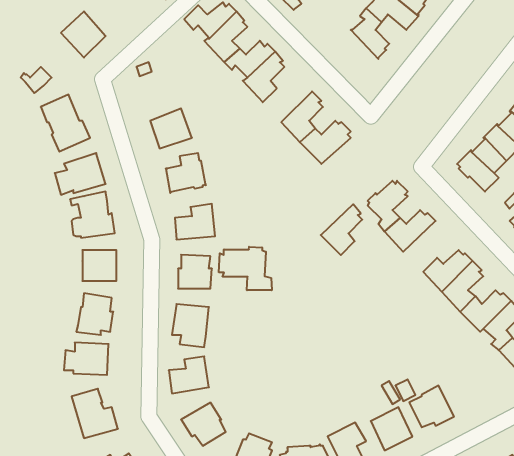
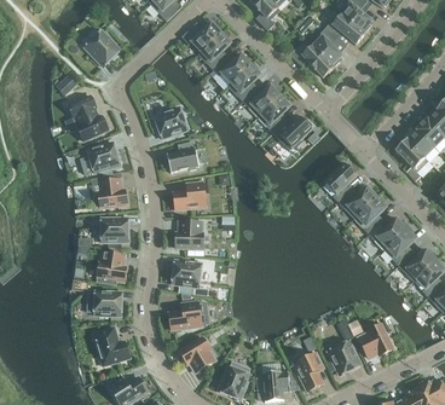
building: none -> [290,44,334,76]
building: none -> [243,83,282,116]
building: [321,204,362,255] -> [353,193,386,233]
building: [219,247,272,290] -> none

